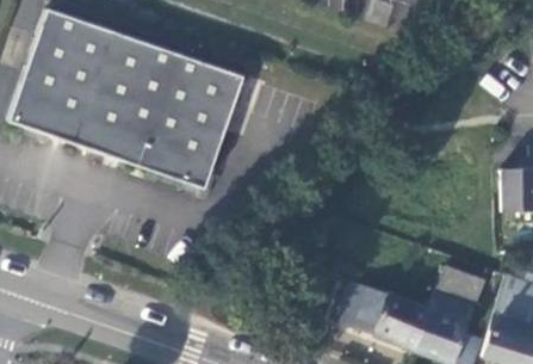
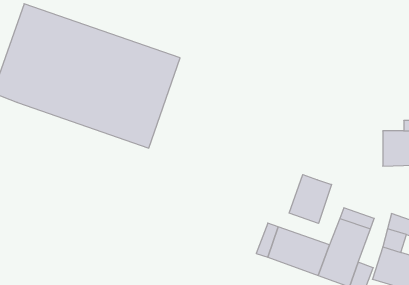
building: none -> [289,175,332,223]

